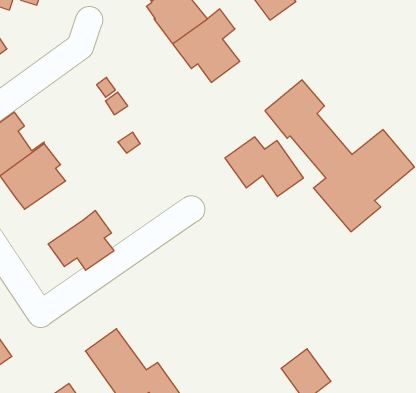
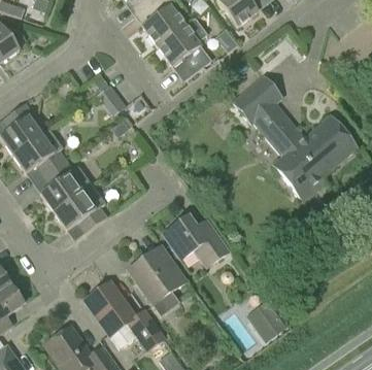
building: [225,137,303,197] -> [163,215,228,265]
building: none -> [33,158,92,210]
building: none -> [126,244,185,304]

